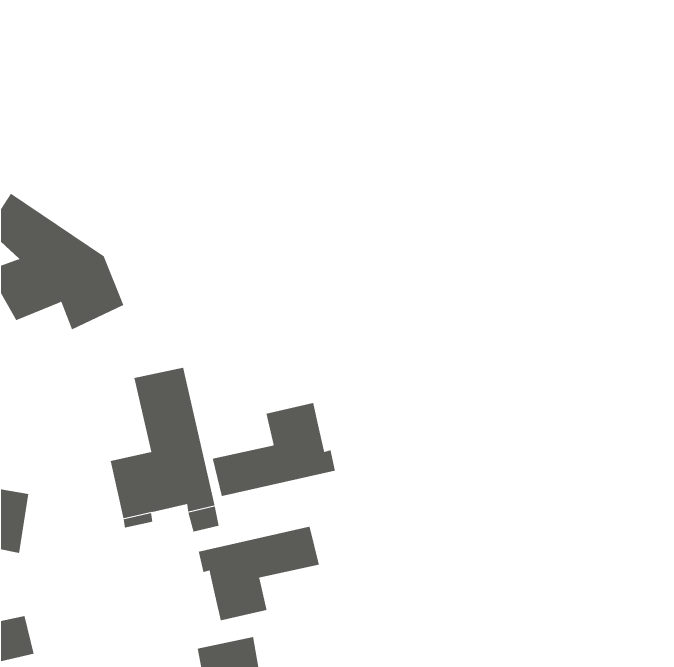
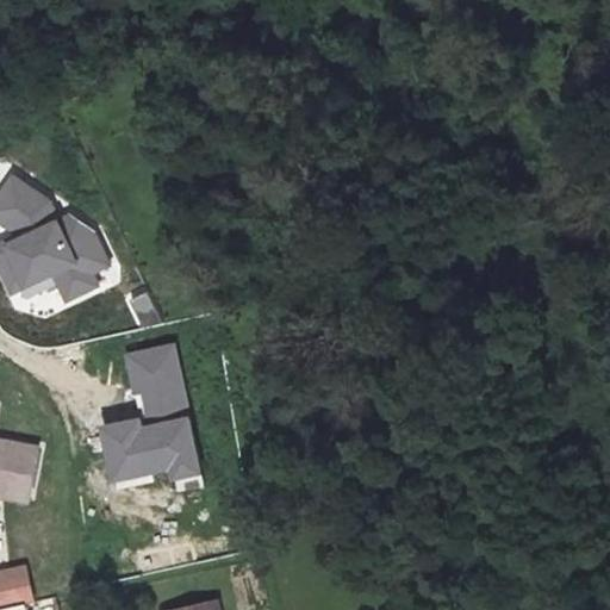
building: [212,402,336,497] -> none
building: [198,526,319,621] -> none

